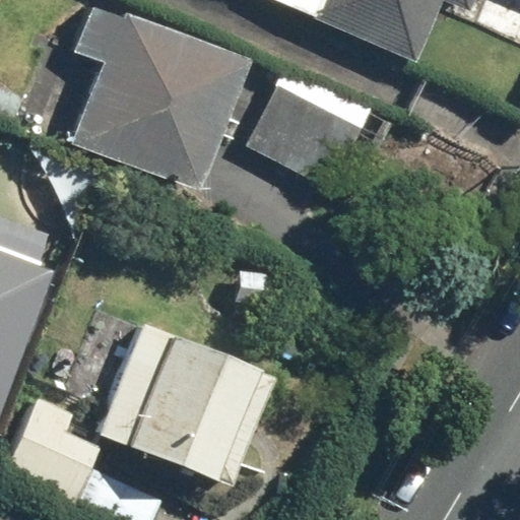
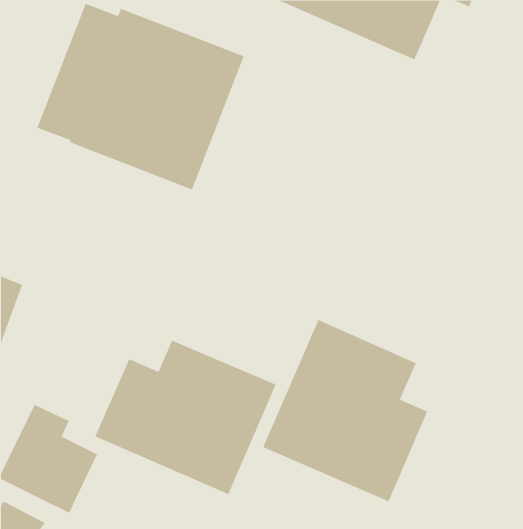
building: [246,87,376,198] -> none
building: none -> [262,319,428,502]

